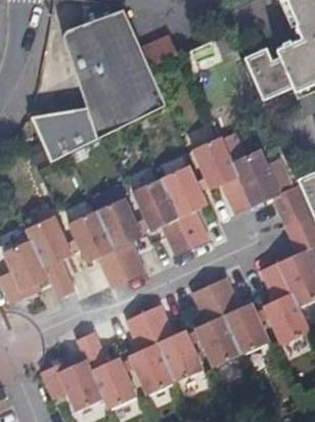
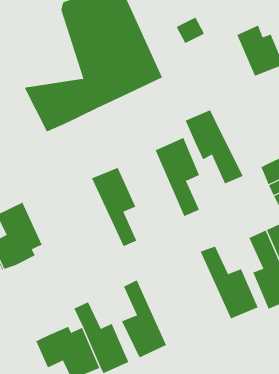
building: [230,149,276,205] -> none
building: [135,179,191,254] -> none
building: [69,207,129,286] -> none
building: [21,209,71,295] -> none
building: [193,283,239,365] -> none
building: [143,304,200,379] -> none

